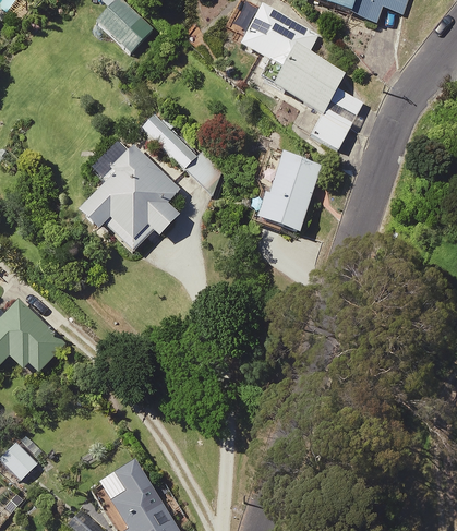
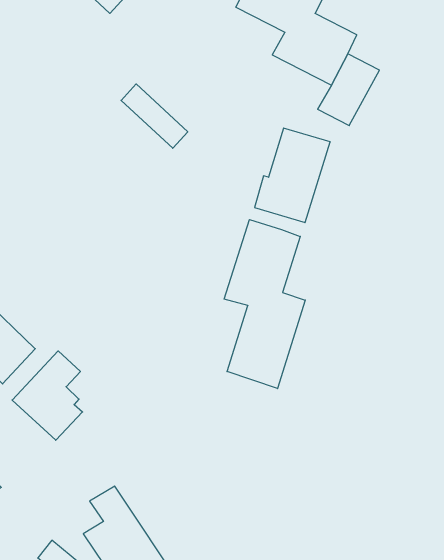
building: [76,143,181,252] -> none
building: none -> [224,220,305,389]
building: none -> [12,351,83,440]

